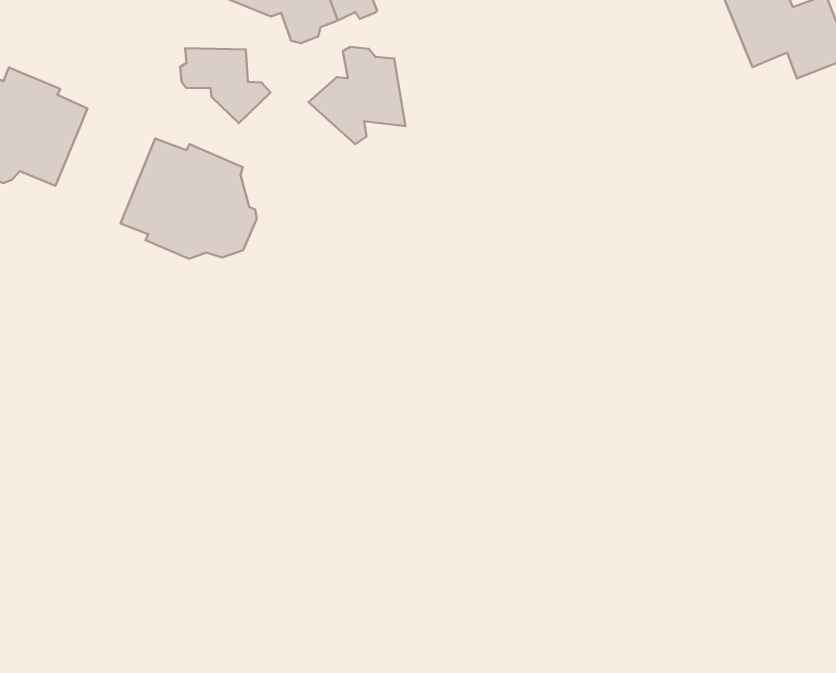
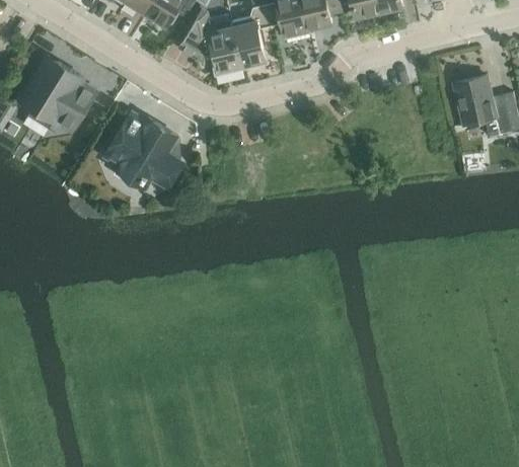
building: [309,47,406,144] -> none
building: [180,48,270,123] -> none

